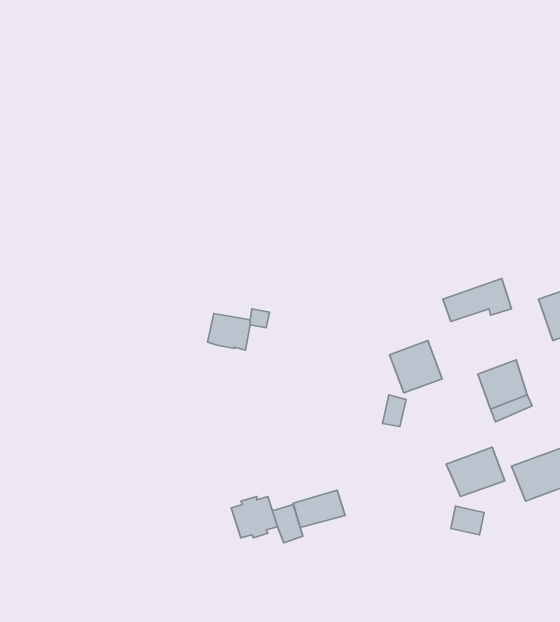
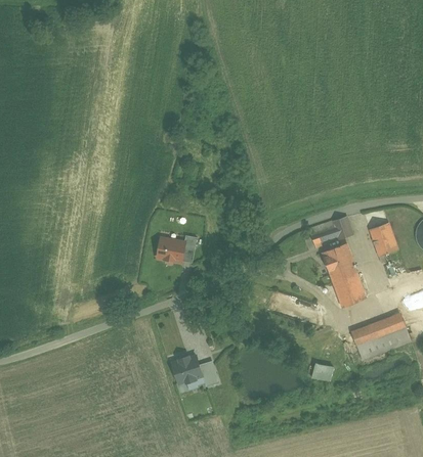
building: [390,340,442,393] -> [322,243,355,277]
building: [446,447,505,497] -> none
building: [293,490,345,528] -> none

